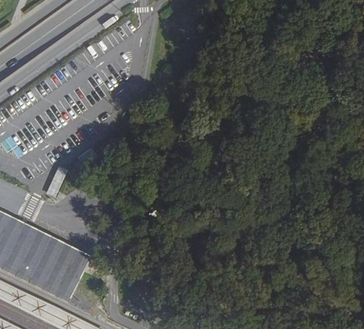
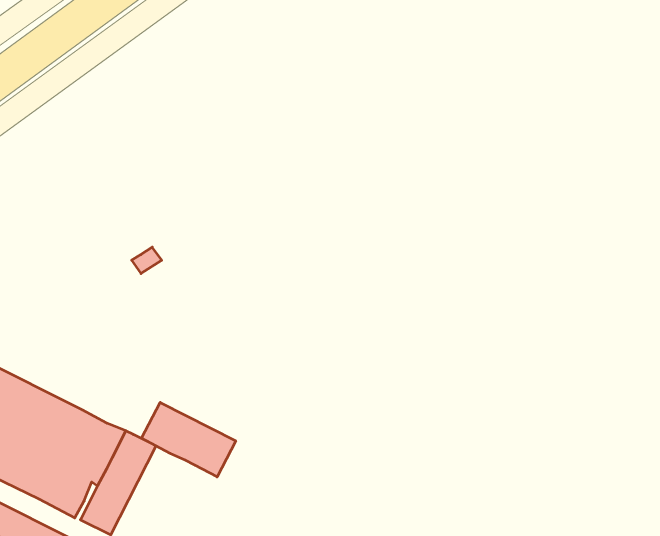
building: none -> [142,402,236,477]

